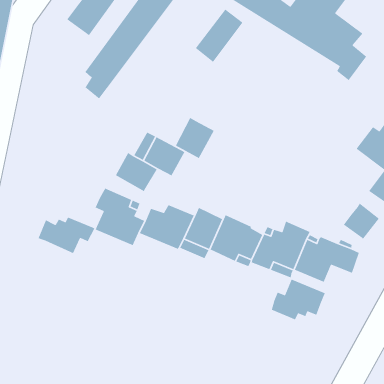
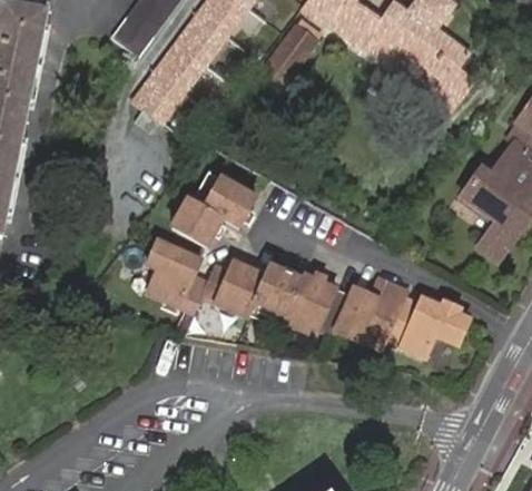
building: [175,117,215,159] -> none
building: [343,202,380,240] -> none
building: [38,216,95,254] -> none
building: [271,278,326,320] -> none

